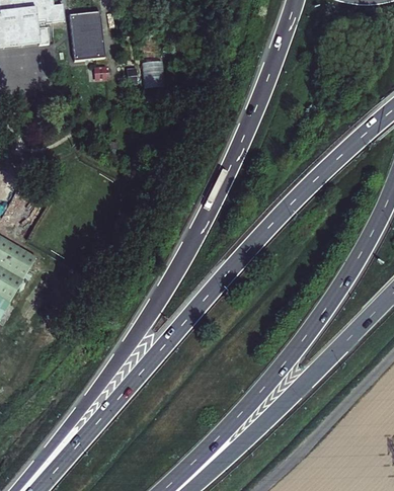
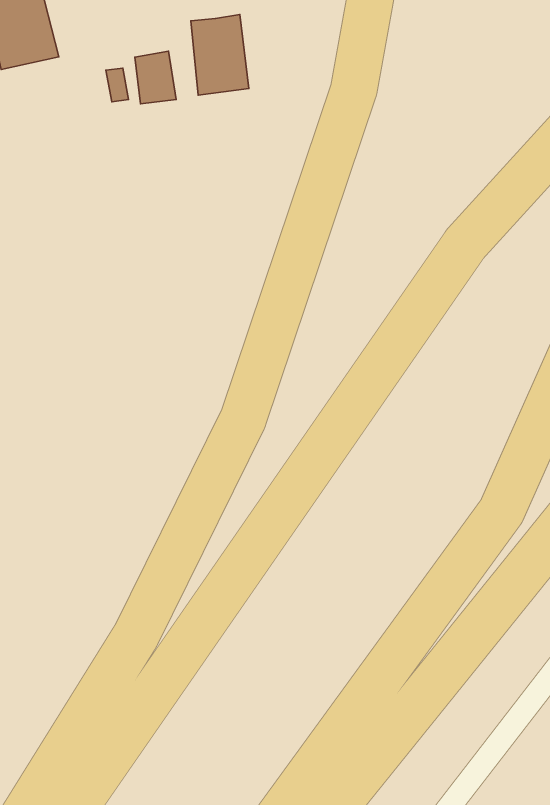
building: none -> [191,15,249,95]

